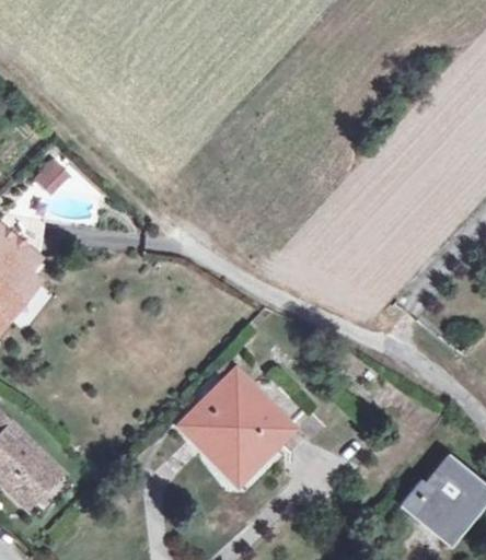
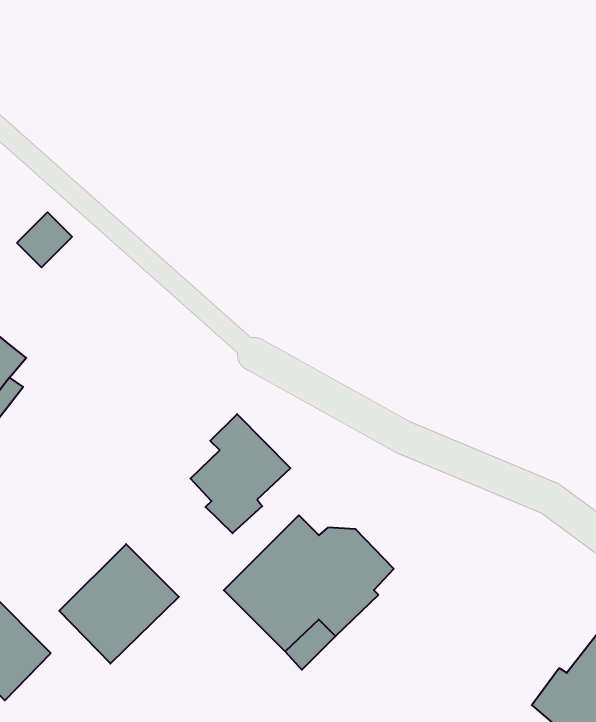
building: none -> [190,414,290,533]
building: none -> [59,544,179,664]

